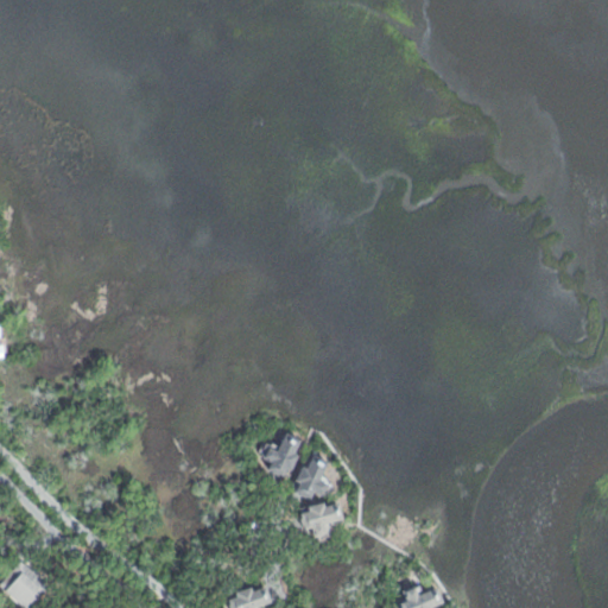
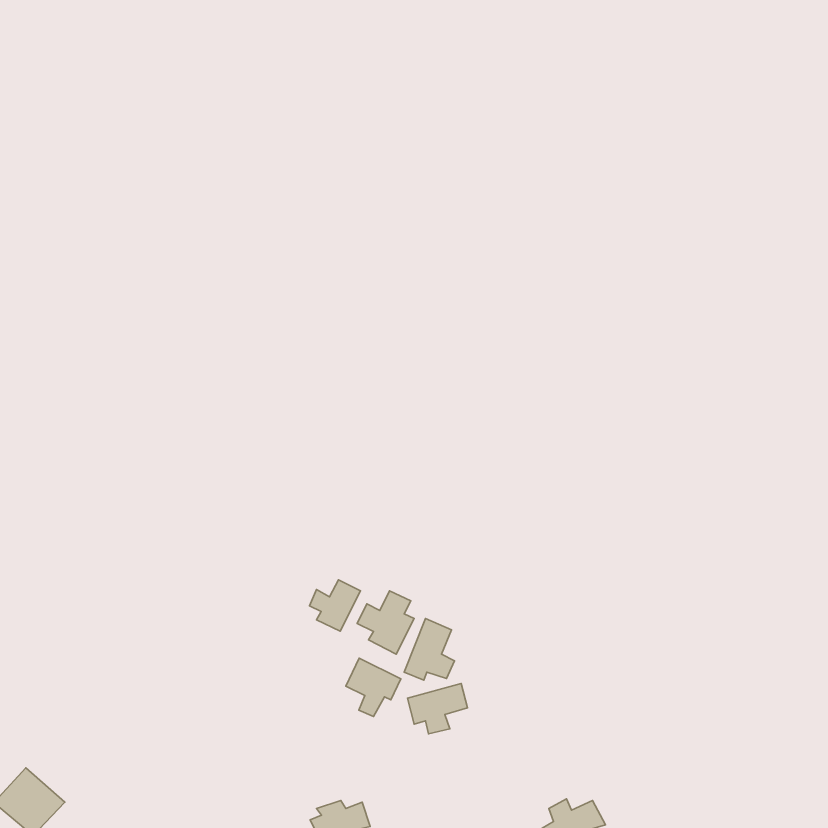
building: none -> [309,580,360,631]
building: none -> [346,658,401,716]

